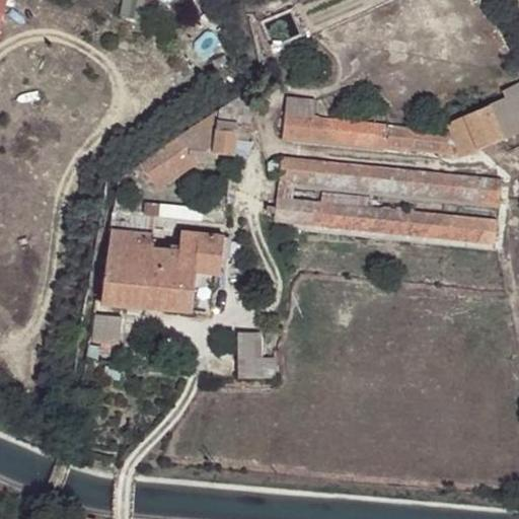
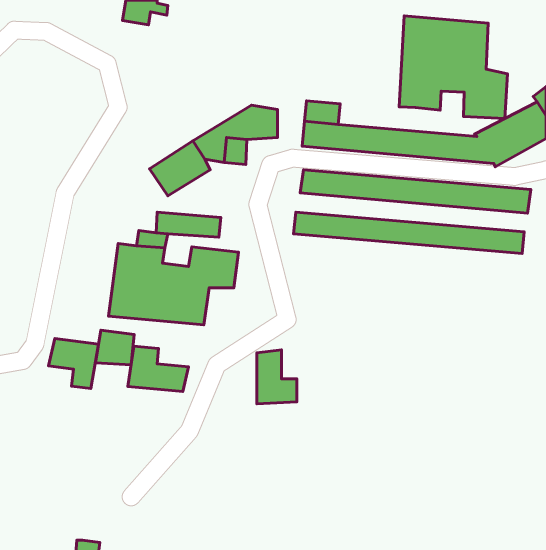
building: none -> [399,16,508,119]
building: none -> [49,339,98,389]
building: none -> [128,346,189,392]

